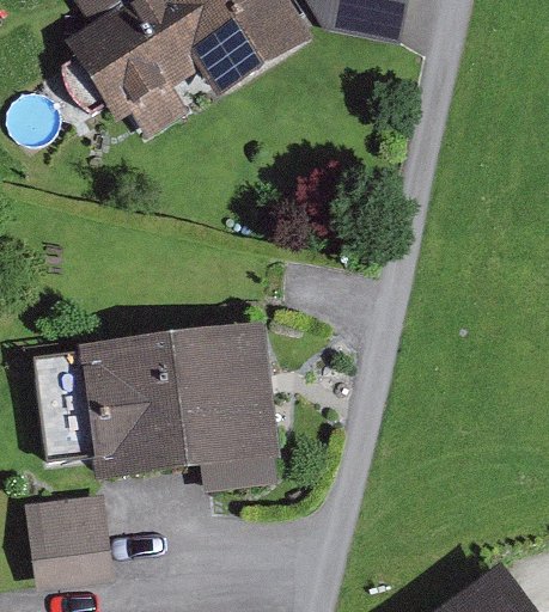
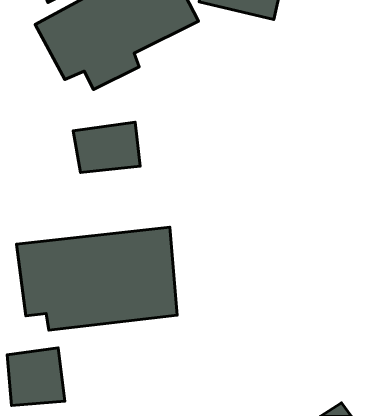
building: none -> [73,122,140,173]

